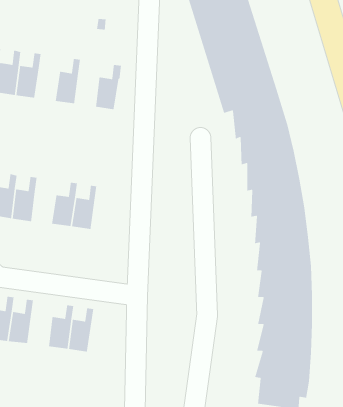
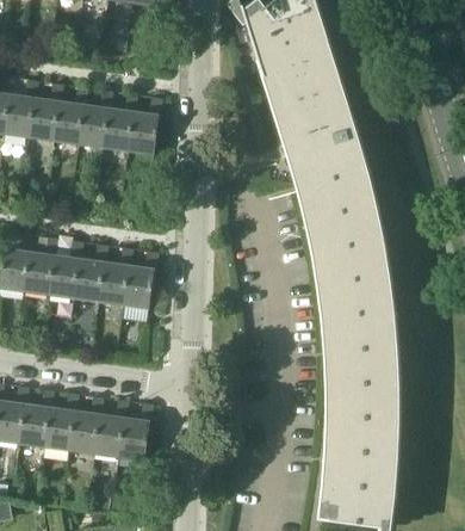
building: none -> [51,87,85,144]
building: none -> [101,94,134,152]
building: none -> [48,241,80,297]
building: none -> [122,252,155,308]
building: none -> [43,394,75,450]
building: none -> [117,405,149,461]

